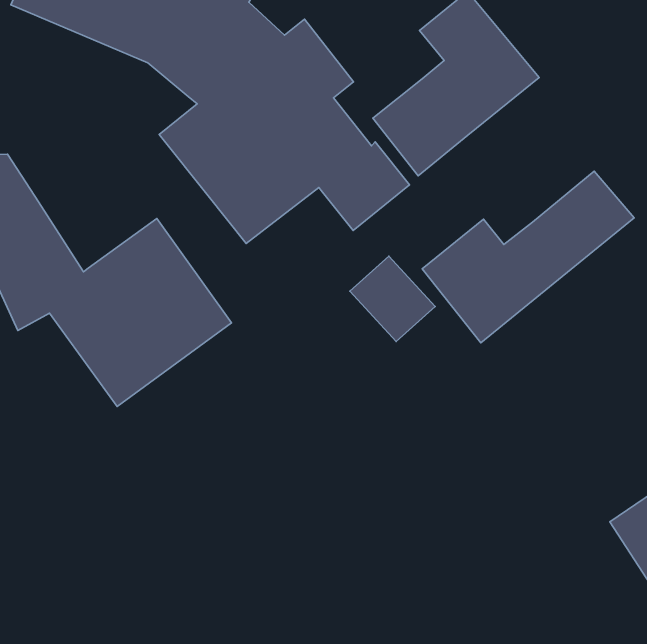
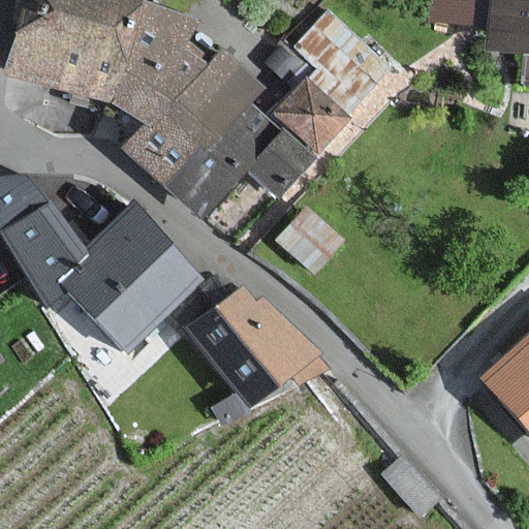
building: [422,171,634,343] -> none
building: none -> [193,292,320,403]

